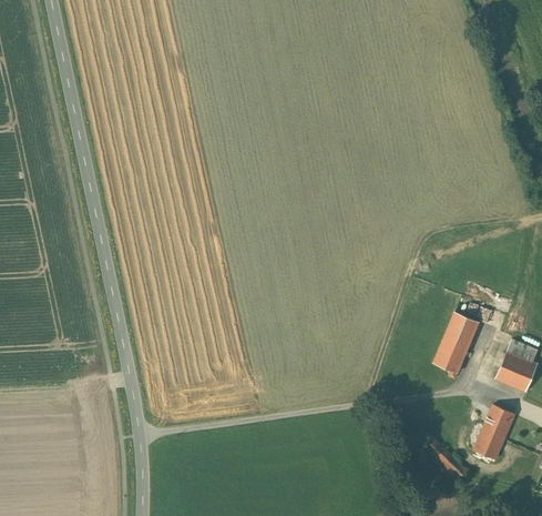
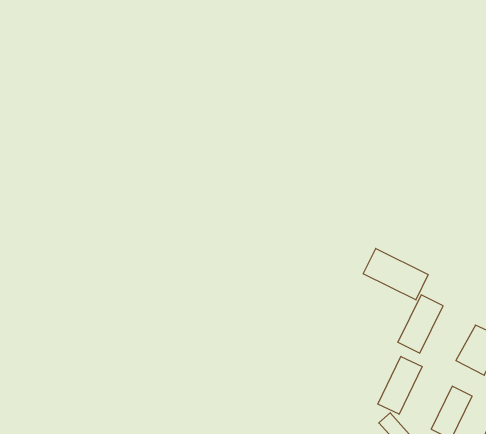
building: none -> [363,248,428,300]
building: none -> [378,356,422,414]

